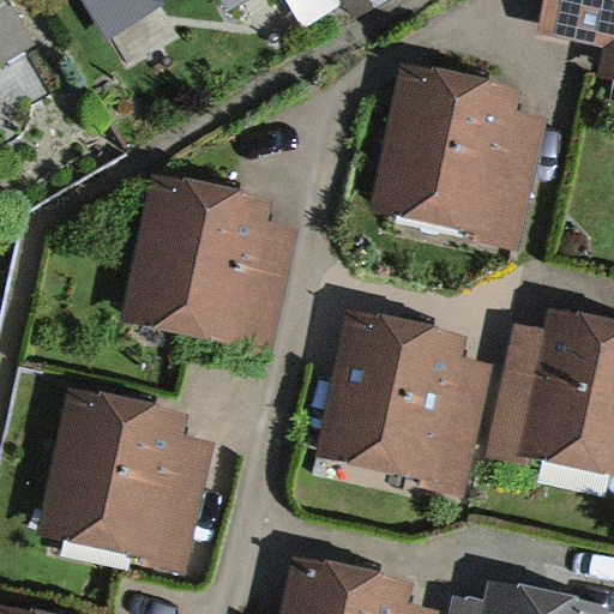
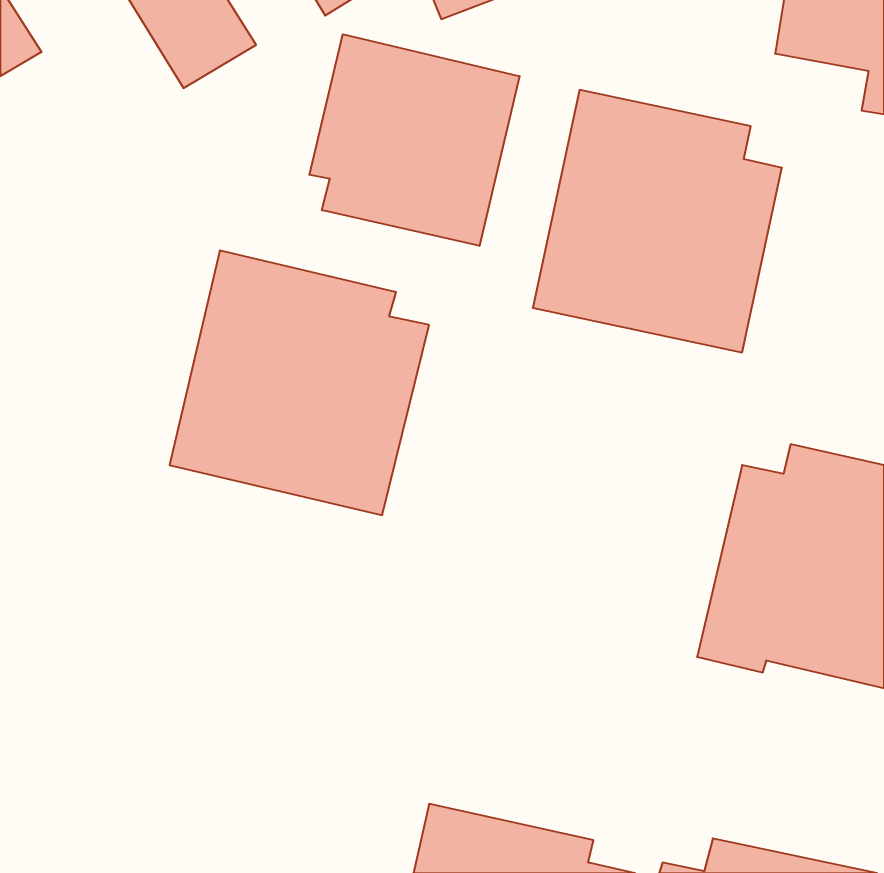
building: none -> [310,34,520,246]
building: [318,309,493,492] -> none
building: [42,389,210,570] -> none

